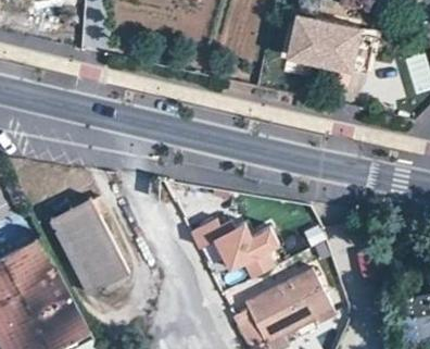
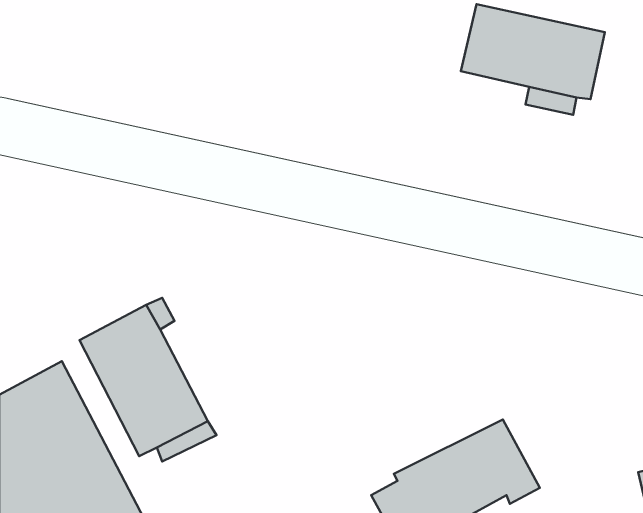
building: [188,223,276,279] -> none

